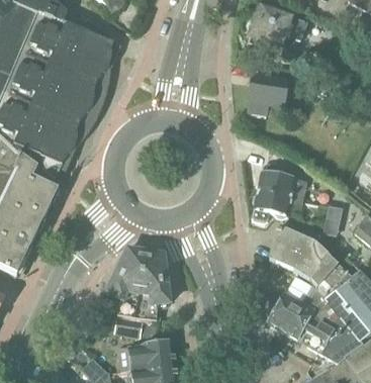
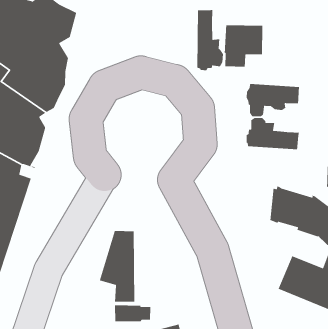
building: none -> [196,9,224,71]
building: [252,188,302,220] -> [246,83,300,117]
building: [135,251,168,319] -> none

